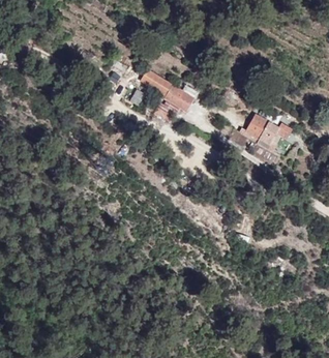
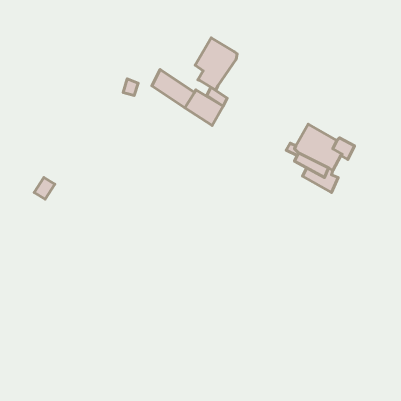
building: none -> [195,38,237,90]

